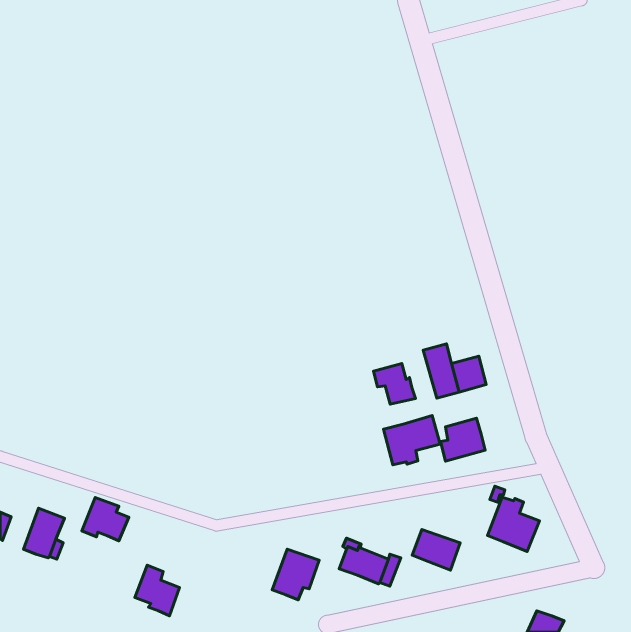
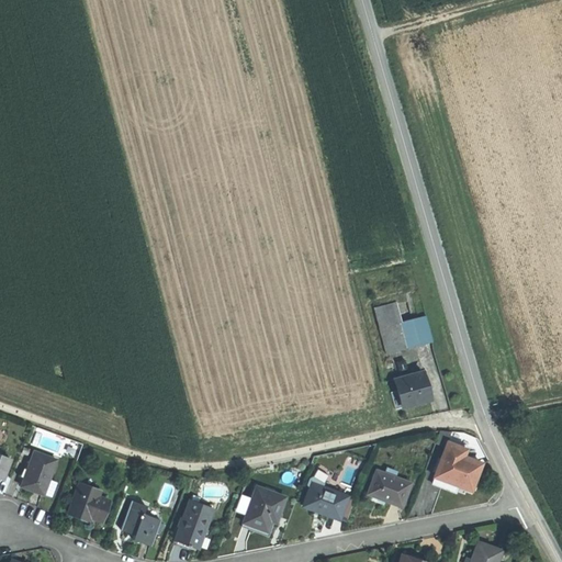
building: [373,364,415,404] -> none
building: [383,415,440,465] -> none
building: [82,497,129,541] -> [68,484,110,522]
building: none -> [175,501,214,549]

